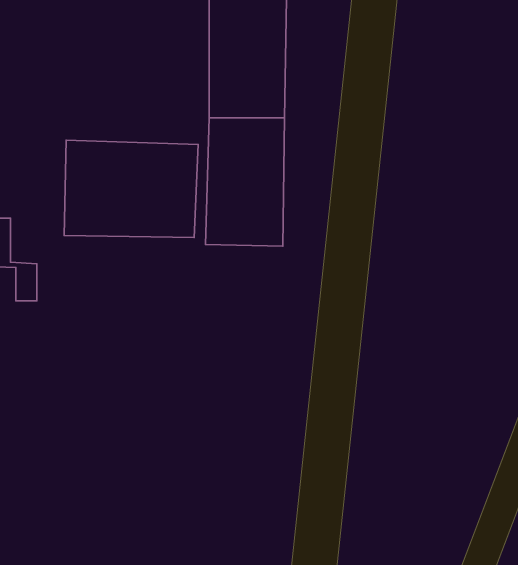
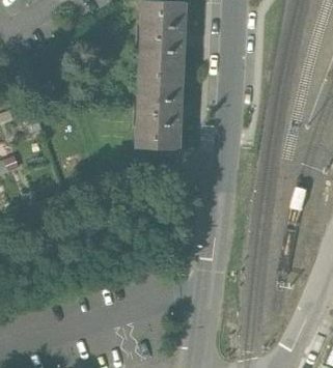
building: [64,140,198,238] -> none

